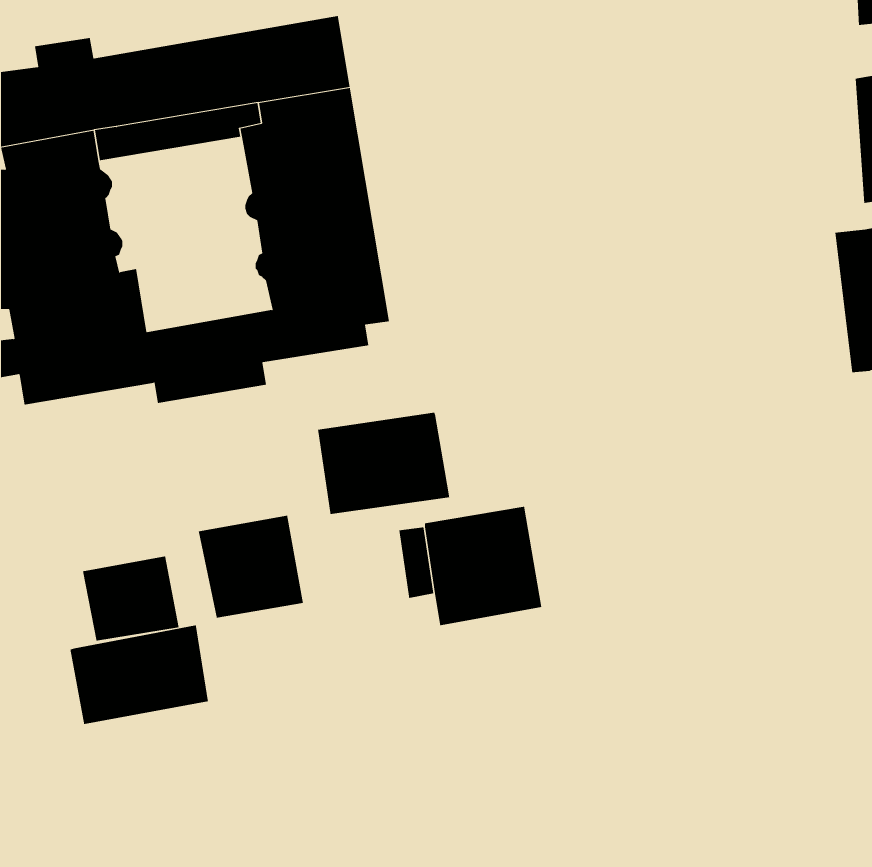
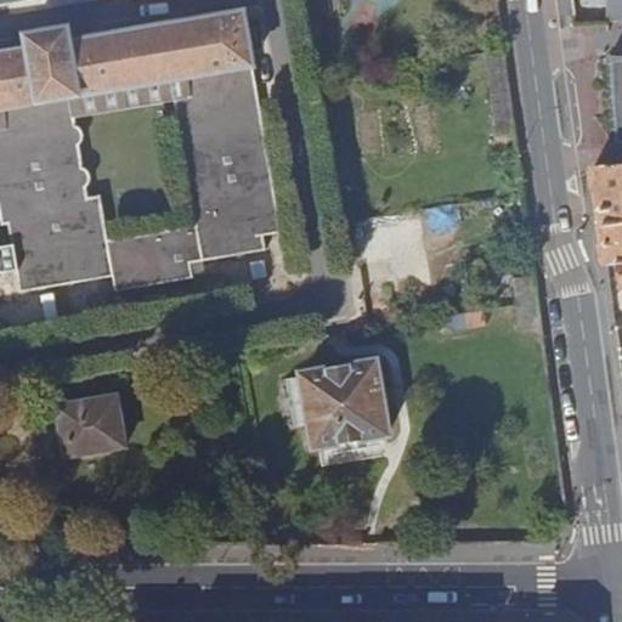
building: [317,412,450,515] -> none
building: [198,515,304,619] -> none
building: [70,624,208,725] -> none

